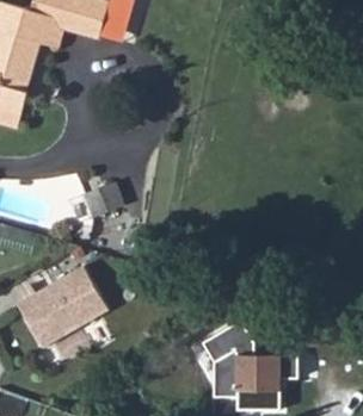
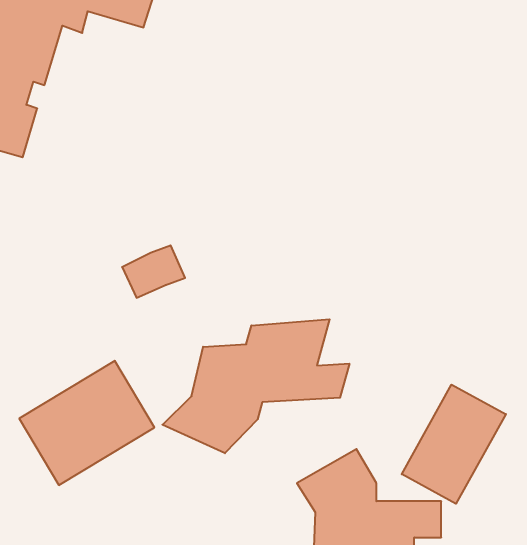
building: none -> [162,319,349,453]
building: none -> [402,385,506,504]

